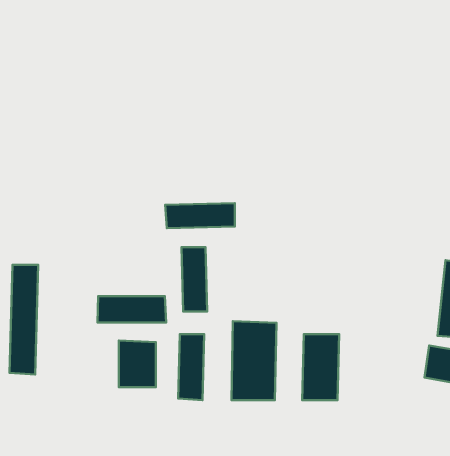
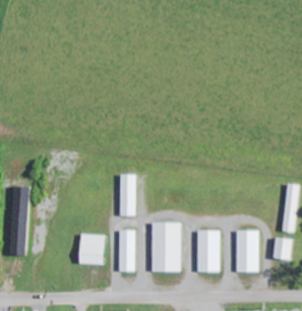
building: [165,203,235,228] -> none
building: [98,296,166,322] -> none
building: none -> [235,231,257,272]

